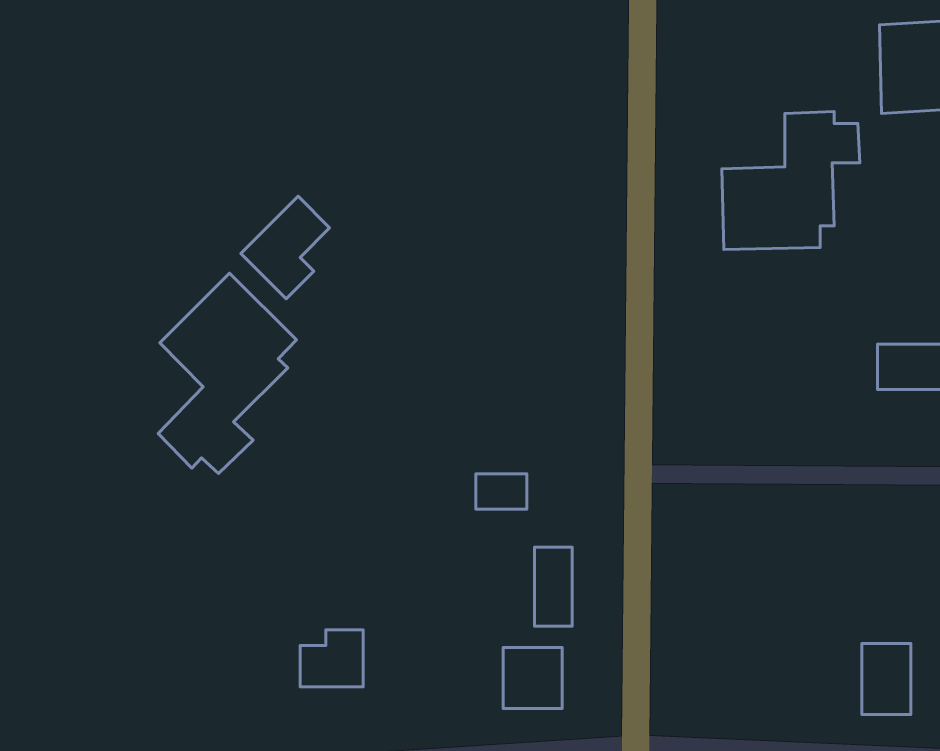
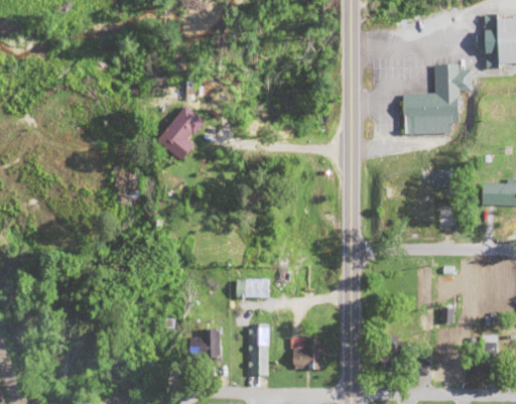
building: [158,273,296,474] -> none
building: [476,474,527,509] -> [236,279,262,297]
building: [535,547,572,626] -> [250,323,269,364]

